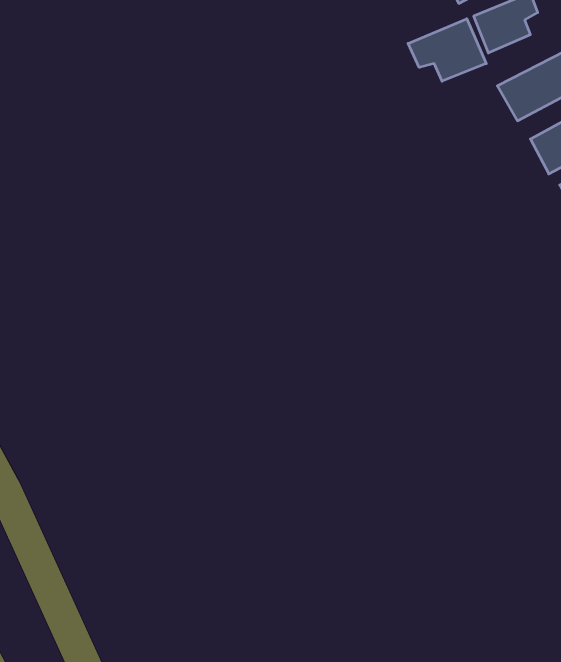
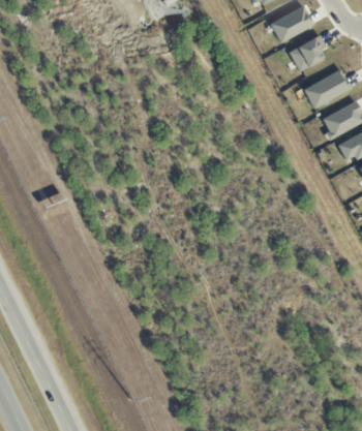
building: [408,19,486,81] -> none

